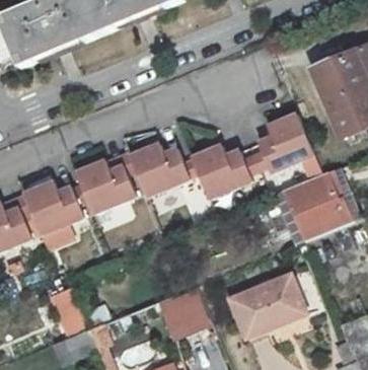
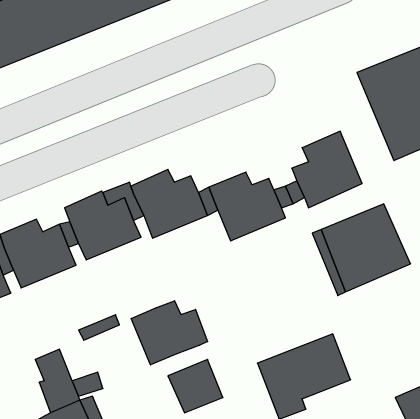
building: none -> [131,301,208,365]

